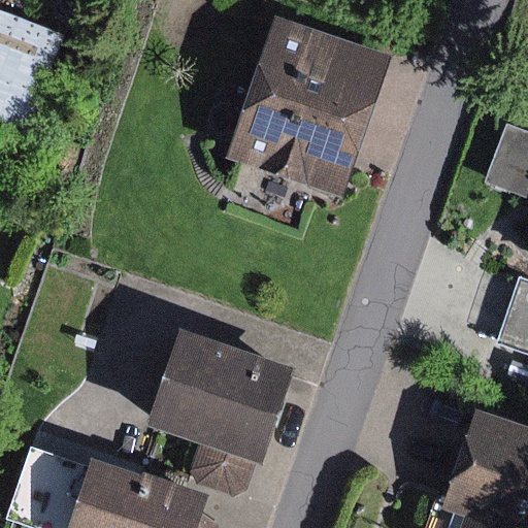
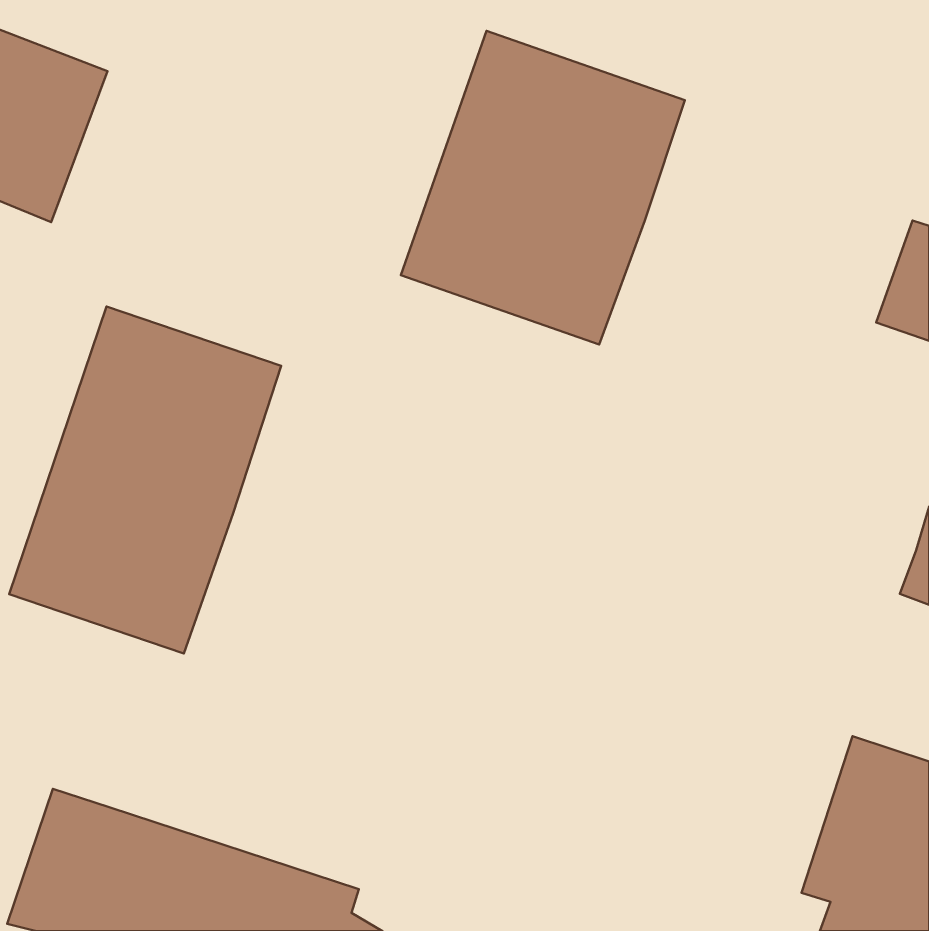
building: none -> [9,306,281,653]
building: [151,335,292,463] -> none

